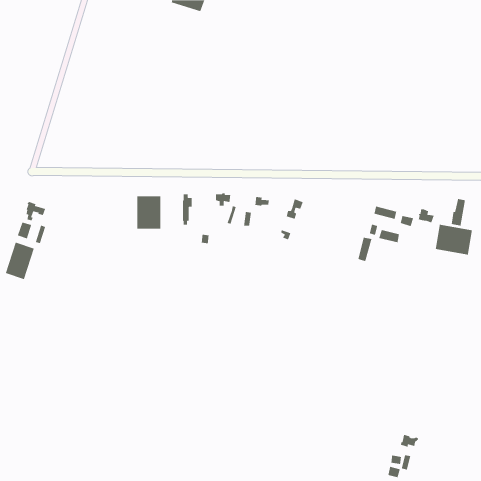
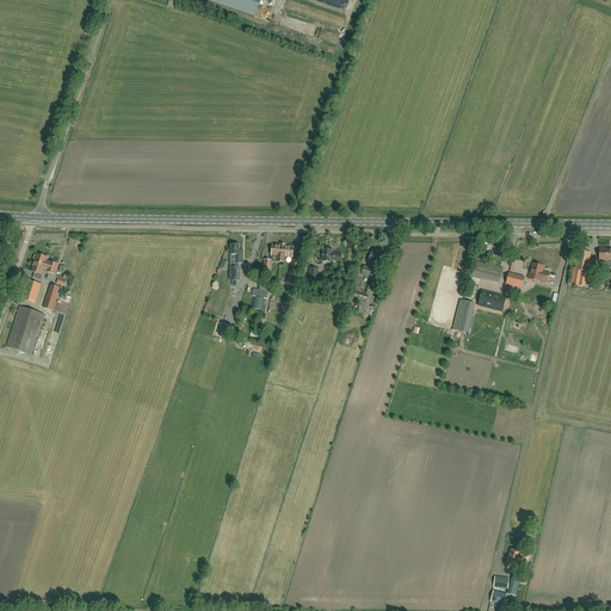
building: [136,196,161,229] -> none
building: [435,224,473,255] -> none

